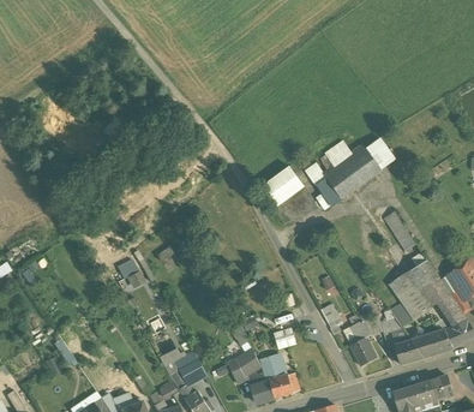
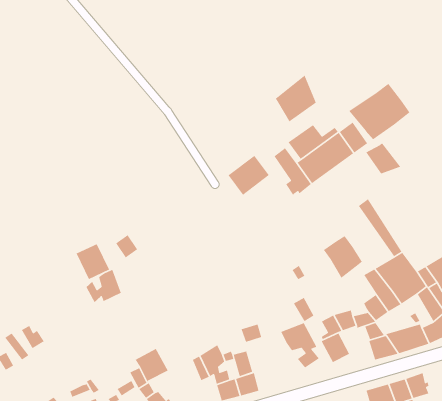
building: none -> [275,74,317,122]
building: none -> [348,83,410,140]
building: none -> [365,142,402,175]
building: none -> [323,235,363,279]
building: none -> [85,269,122,303]
building: none -> [280,322,320,368]

